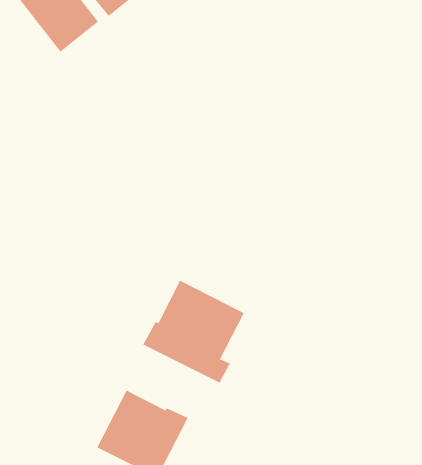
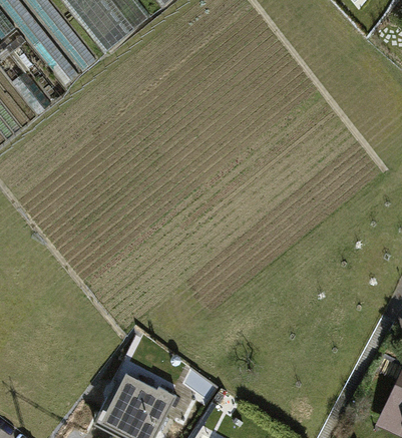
building: [143,280,245,384] -> none

